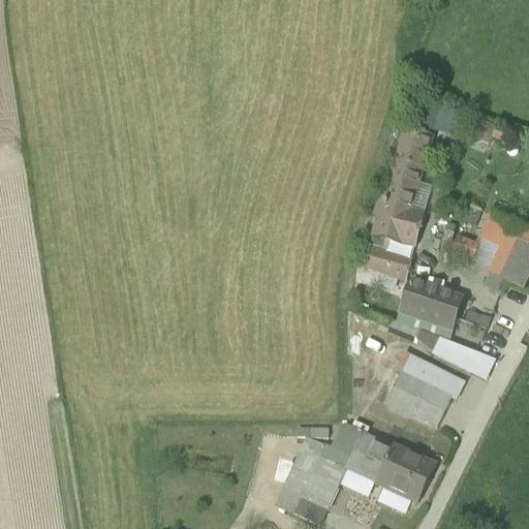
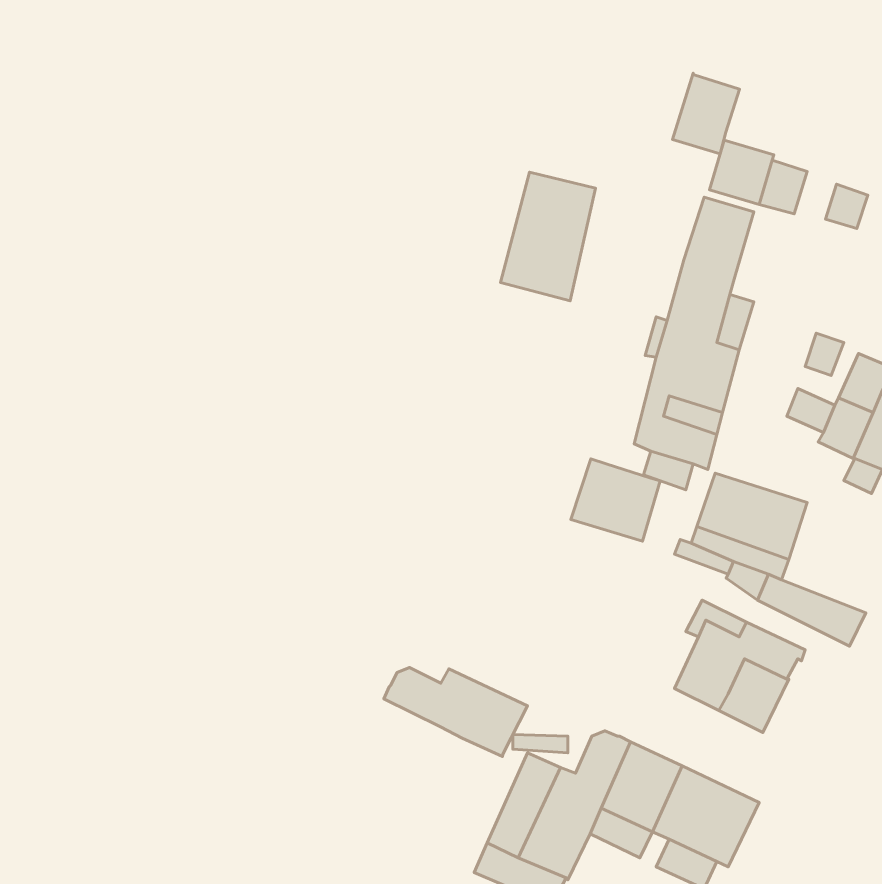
building: none -> [673,73,739,154]
building: none -> [500,172,595,301]
building: none -> [571,459,660,541]
building: none -> [384,668,527,757]

